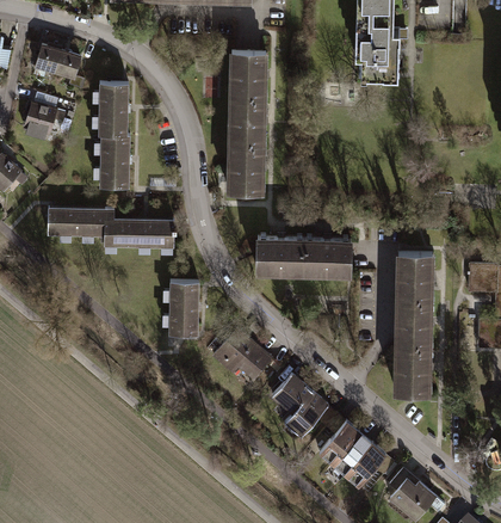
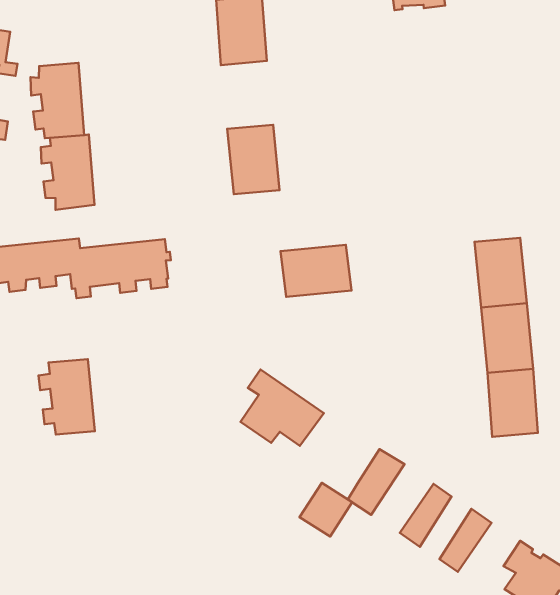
building: [230,99,265,147] -> none
building: [305,240,353,275] -> none
building: [159,278,196,332] -> [38,359,95,434]
building: [272,374,311,413] -> [299,483,352,537]
building: [332,431,372,475] -> none

